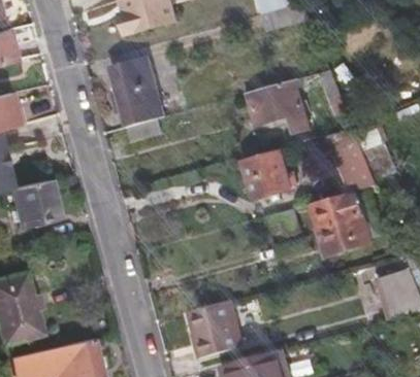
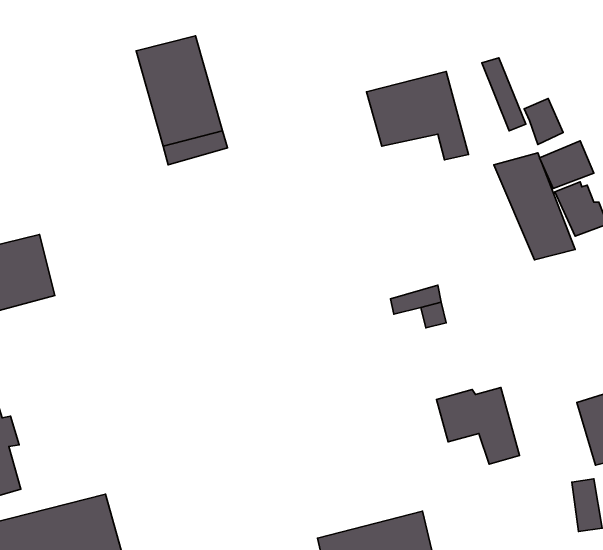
building: [246,160,294,203] -> none
building: [317,198,367,244] -> [436,388,520,464]
building: [186,299,237,355] -> none

